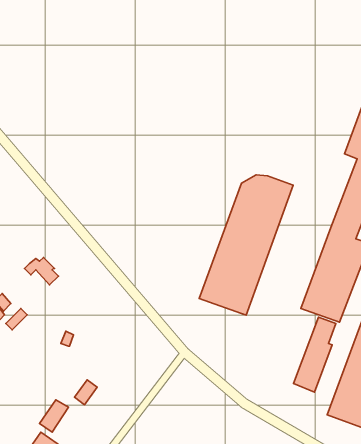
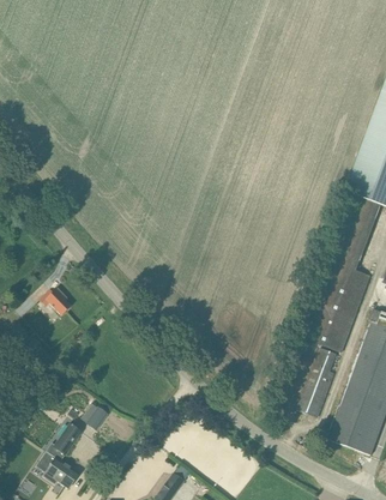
building: [199,175,293,315] -> none

